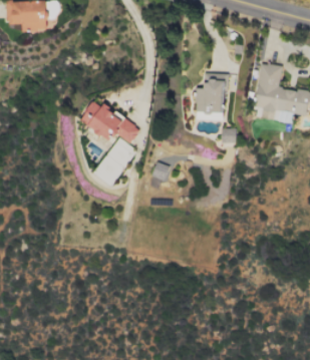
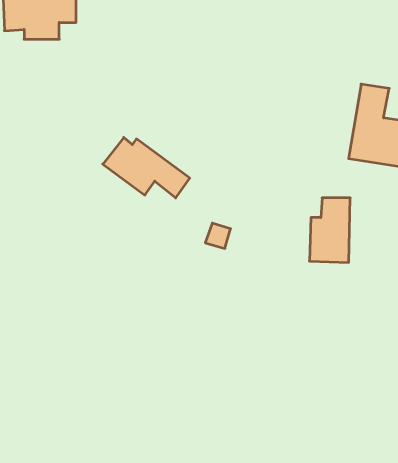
building: [196,74,225,120] -> [309,198,350,262]
building: [95,138,136,187] -> none

